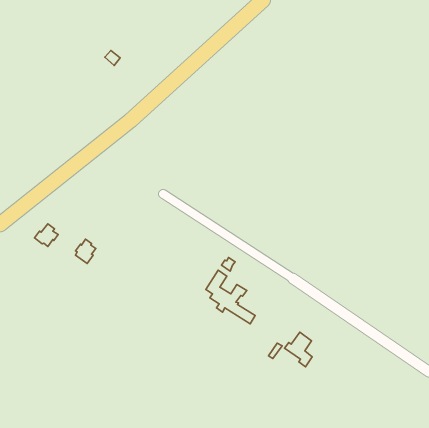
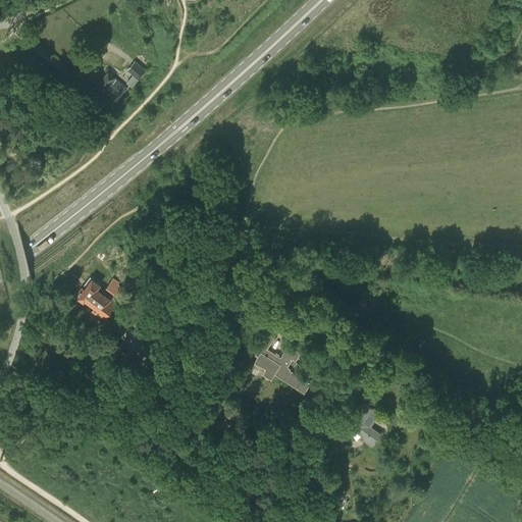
building: none -> [96,72,126,102]
building: [34,224,58,246] -> [75,278,104,306]

